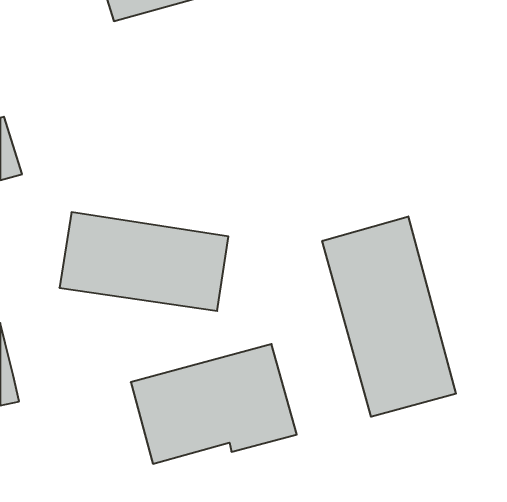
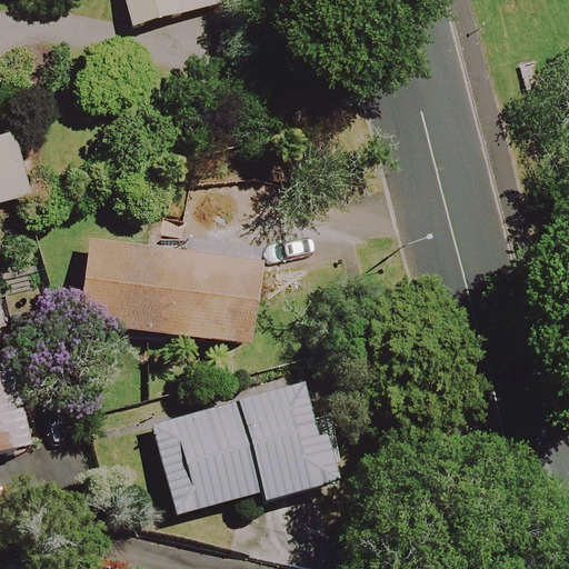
building: [322,216,456,417] -> none

